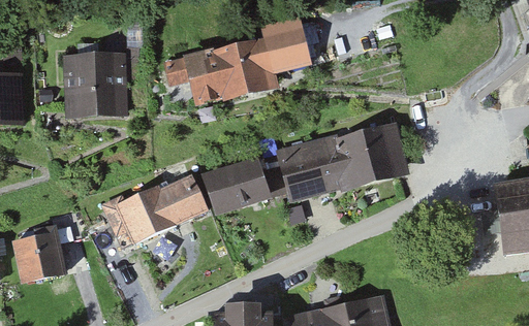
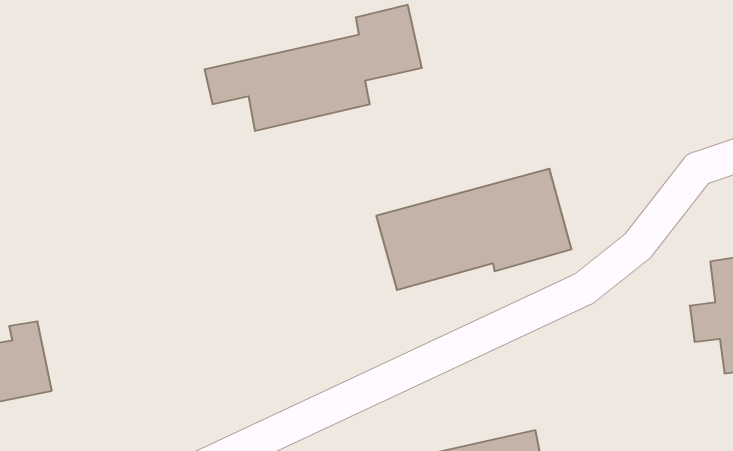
building: [58,64,118,117] -> none
building: [209,158,272,209] -> none
building: [108,174,209,243] -> none

